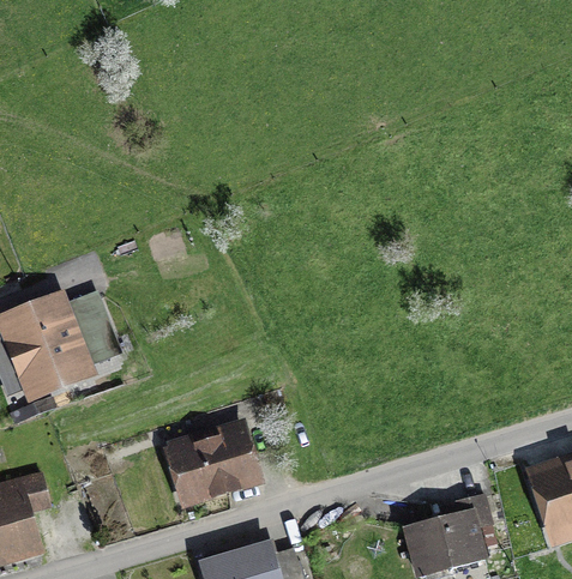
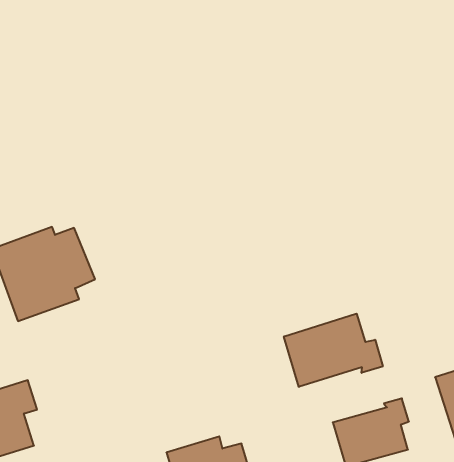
building: none -> [284,314,383,387]
building: [162,418,266,512] -> none

